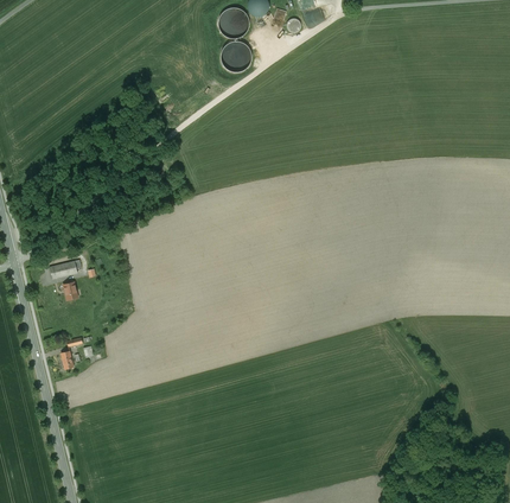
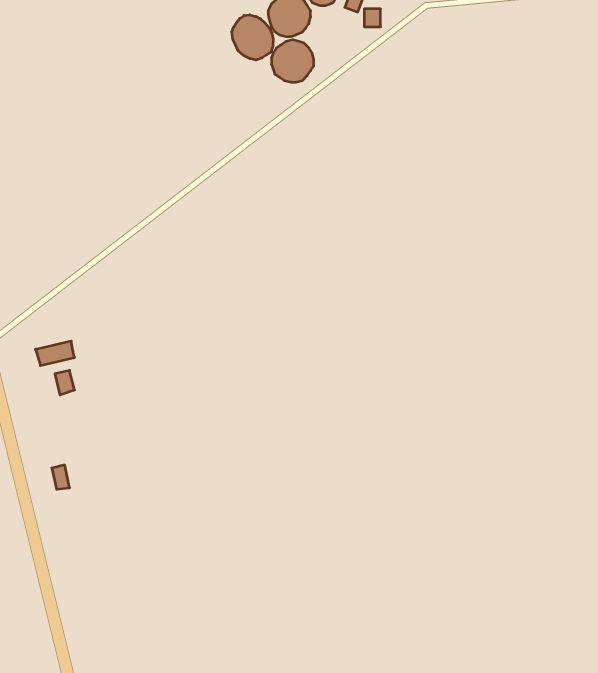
building: none -> [232,15,273,60]

